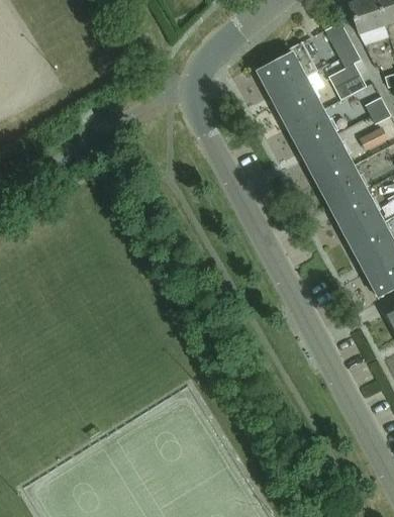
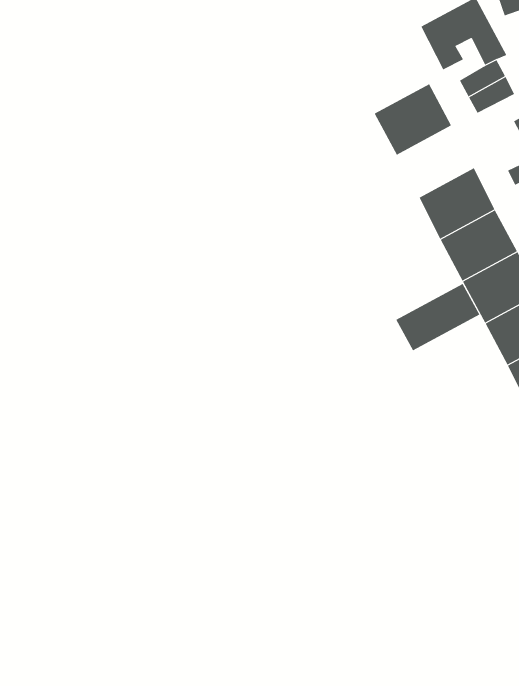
building: [257,41,318,100] -> none
building: [287,108,339,157] -> none
building: none -> [395,283,480,351]

